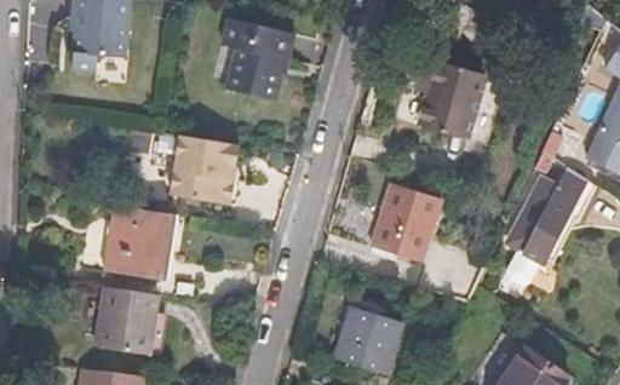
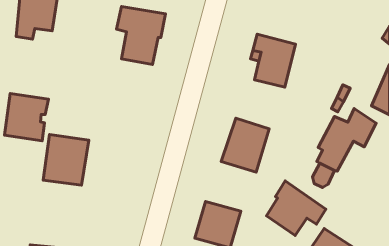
building: [172,134,237,205] -> [4,93,49,141]
building: none -> [266,181,326,235]
building: [93,288,155,355] -> none

